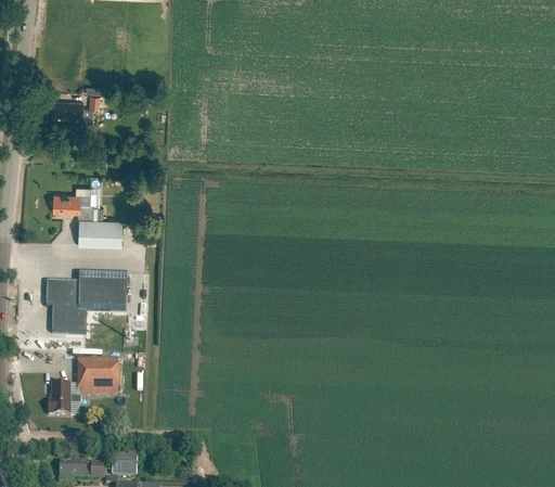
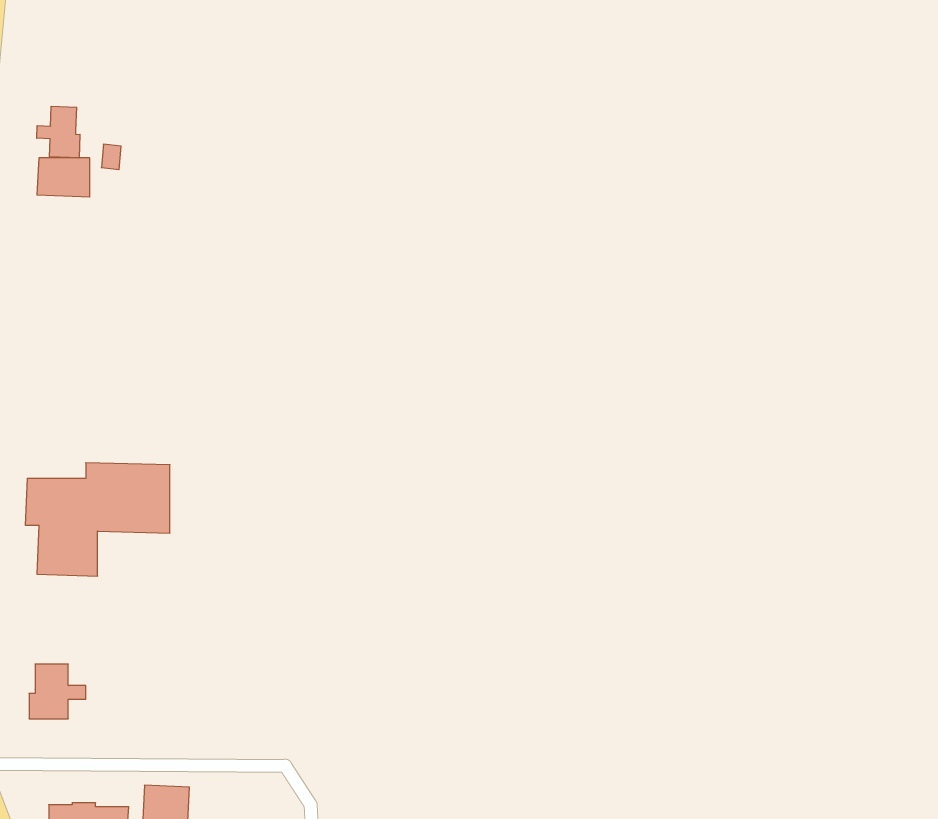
building: none -> [37,106,80,158]
building: [49,185,124,244] -> none
building: [77,358,118,394] -> none

